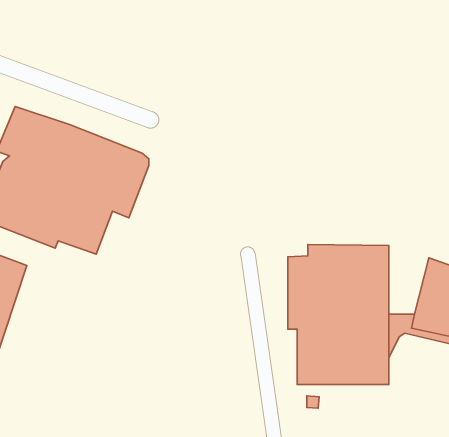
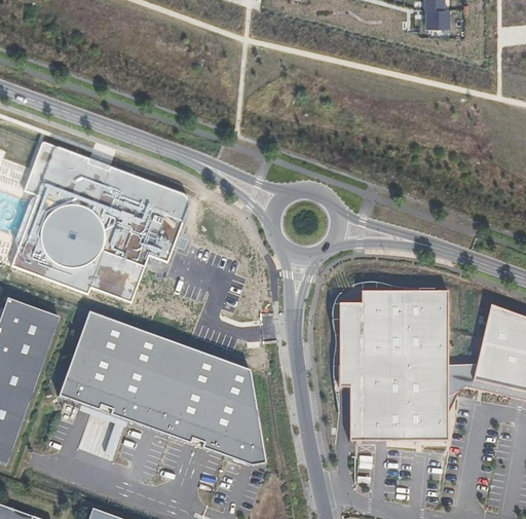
building: none -> [58,310,265,466]

